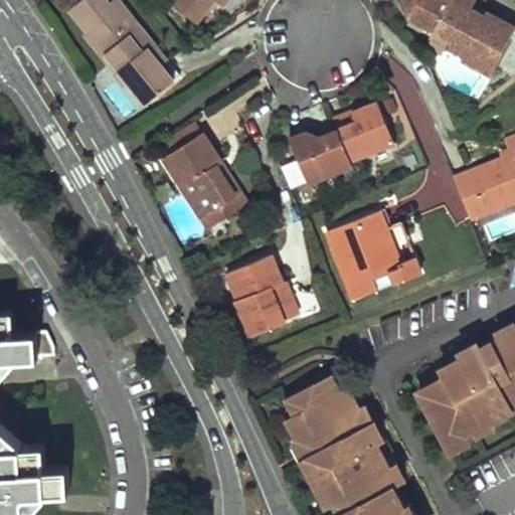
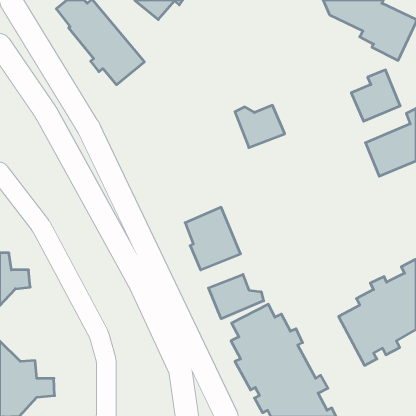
building: [336,103,396,166] -> [351,70,400,121]
building: [154,124,246,229] -> none
building: [328,209,418,289] -> none
building: none -> [208,274,264,319]

